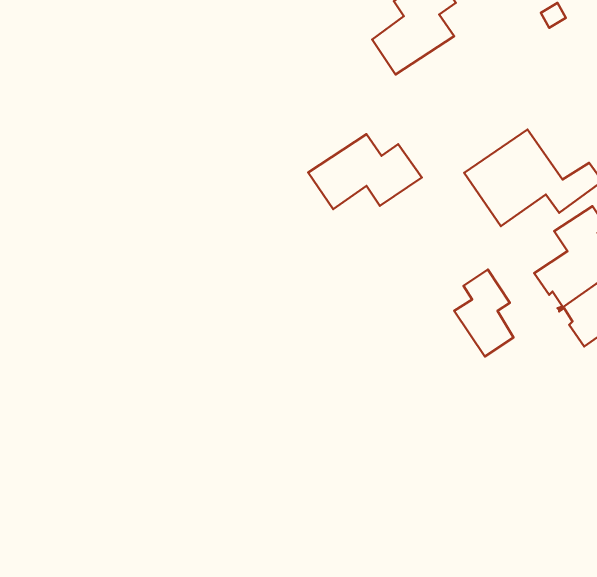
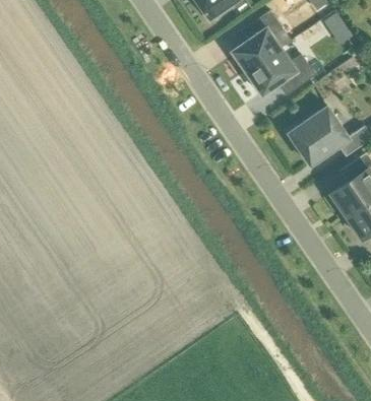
building: [308,134,422,209] -> [246,49,315,94]
building: [454,270,513,356] -> none

